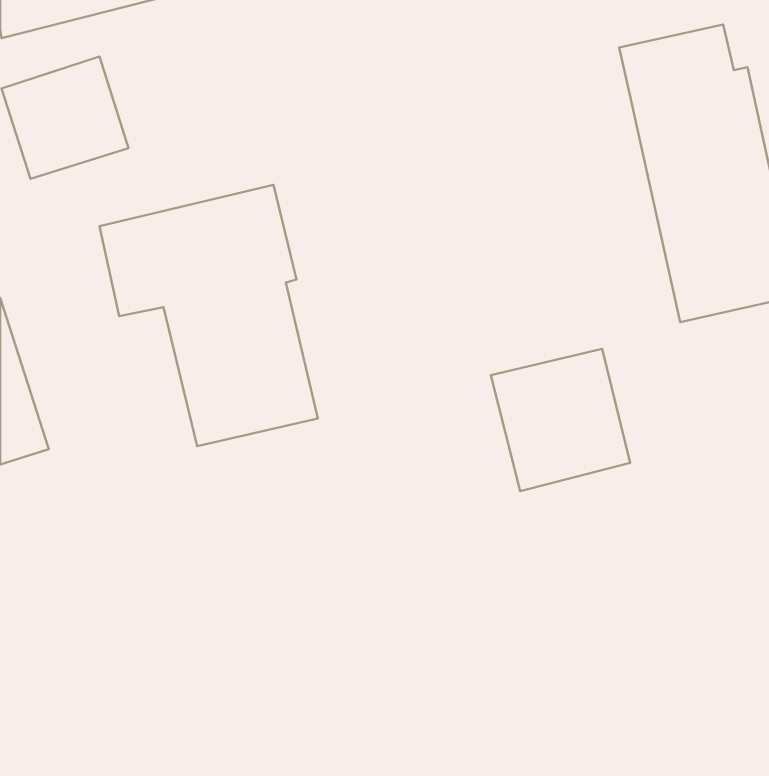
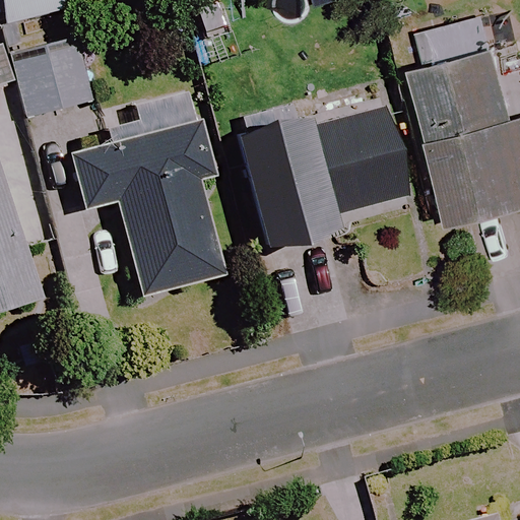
building: none -> [233,91,415,251]
building: [491,349,630,491] -> none

